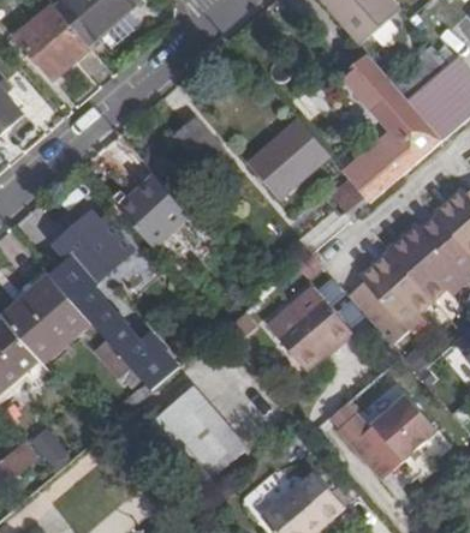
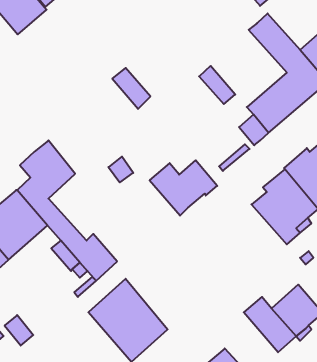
building: [248,131,313,197] -> none
building: [118,173,189,246] -> none
building: [267,298,352,367] -> [150,160,217,216]

